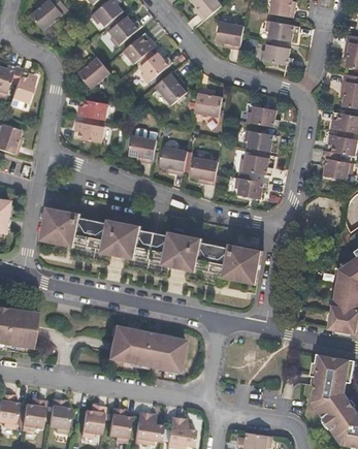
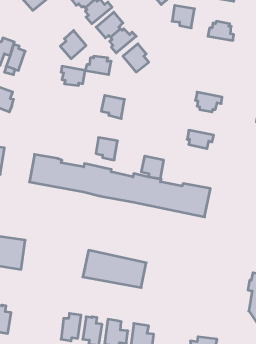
building: [266,21,299,45] -> none
building: [195,89,224,117] -> none
building: [248,106,281,128] -> none
building: [73,120,105,142] -> [85,56,111,75]
building: [161,147,188,174] -> [96,138,118,160]
building: [239,152,272,177] -> none
building: [191,157,219,185] -> [141,156,164,179]
building: [21,397,43,432] -> none
building: [47,399,69,435] -> none

